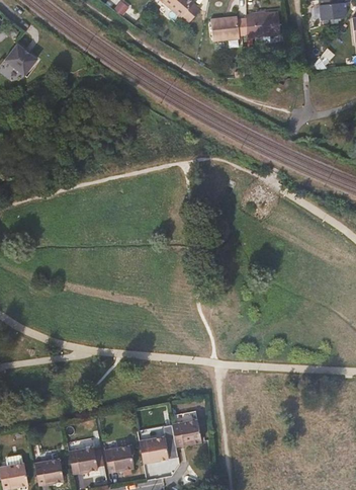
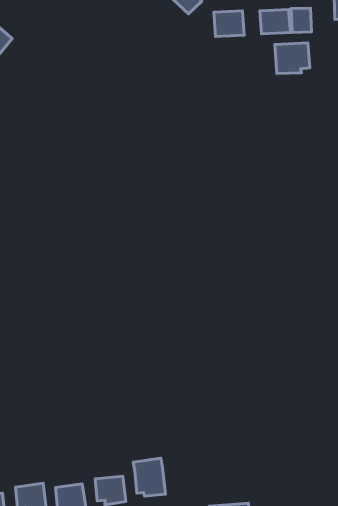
building: none -> [291,8,312,32]
building: none -> [275,43,310,74]

